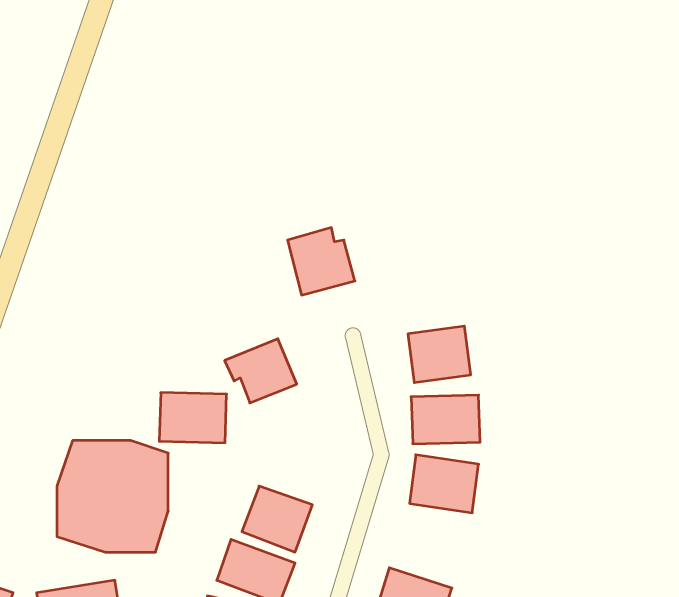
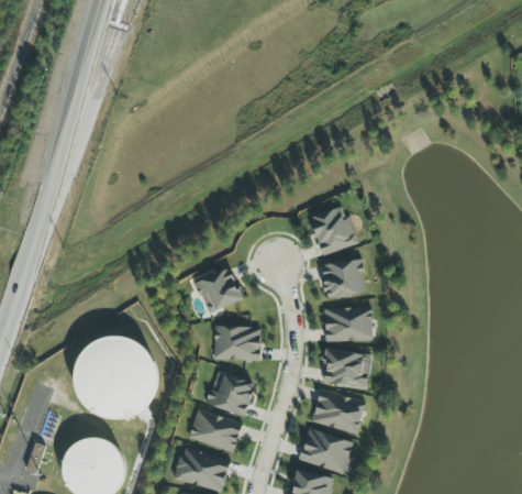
building: [288,228,355,295] -> [311,207,358,254]
building: [159,393,227,443] -> [213,326,260,361]
building: none -> [311,389,366,433]

